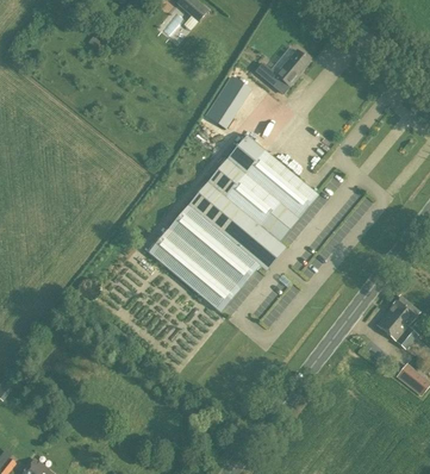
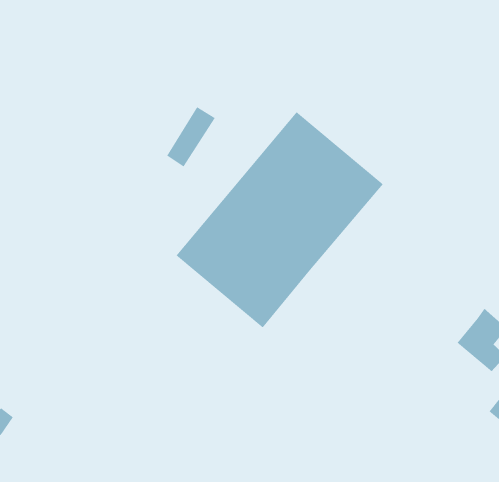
building: [256,49,310,93] -> none
building: [200,79,241,129] -> [166,106,216,167]

